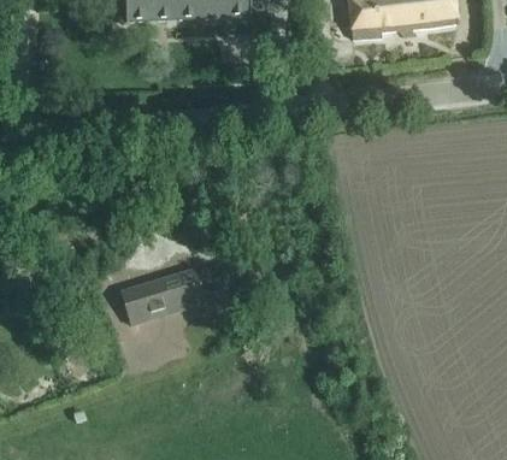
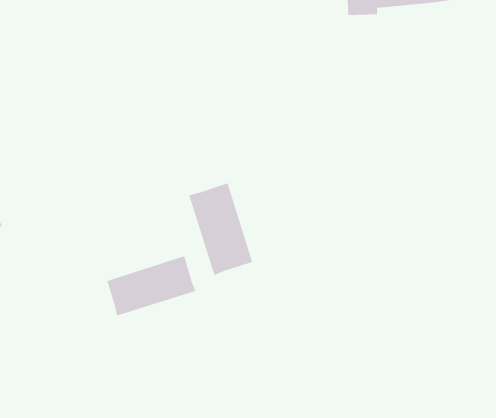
building: none -> [188,182,253,276]

